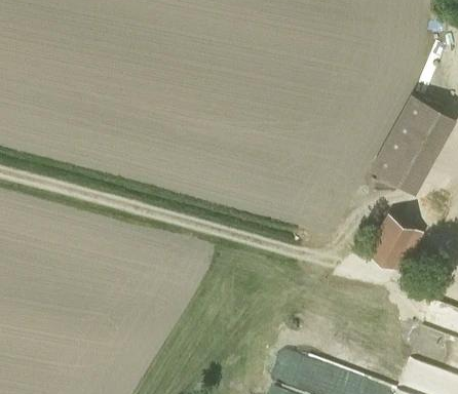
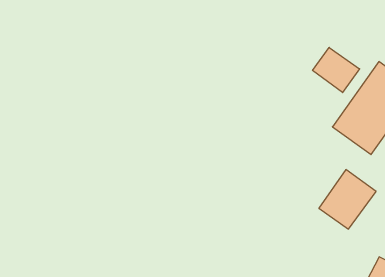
building: none -> [313,47,360,93]

